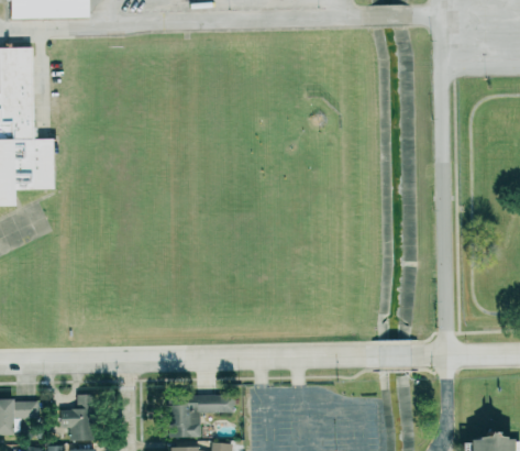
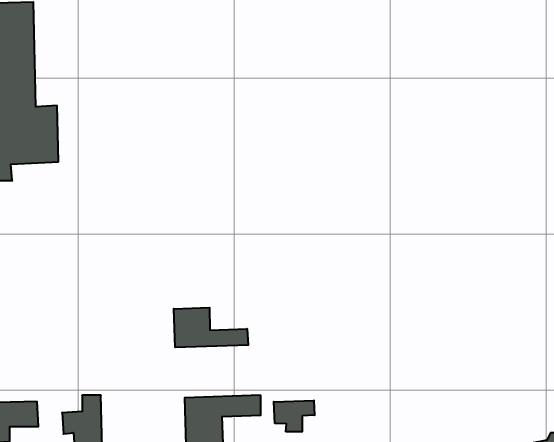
building: none -> [174,308,248,347]
building: none -> [274,400,315,432]

